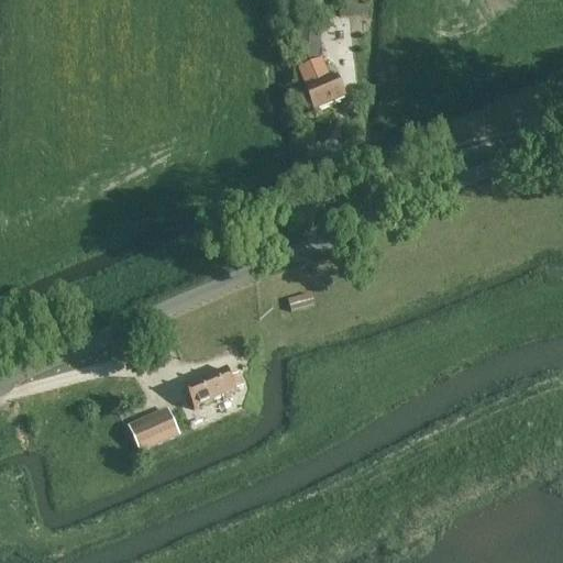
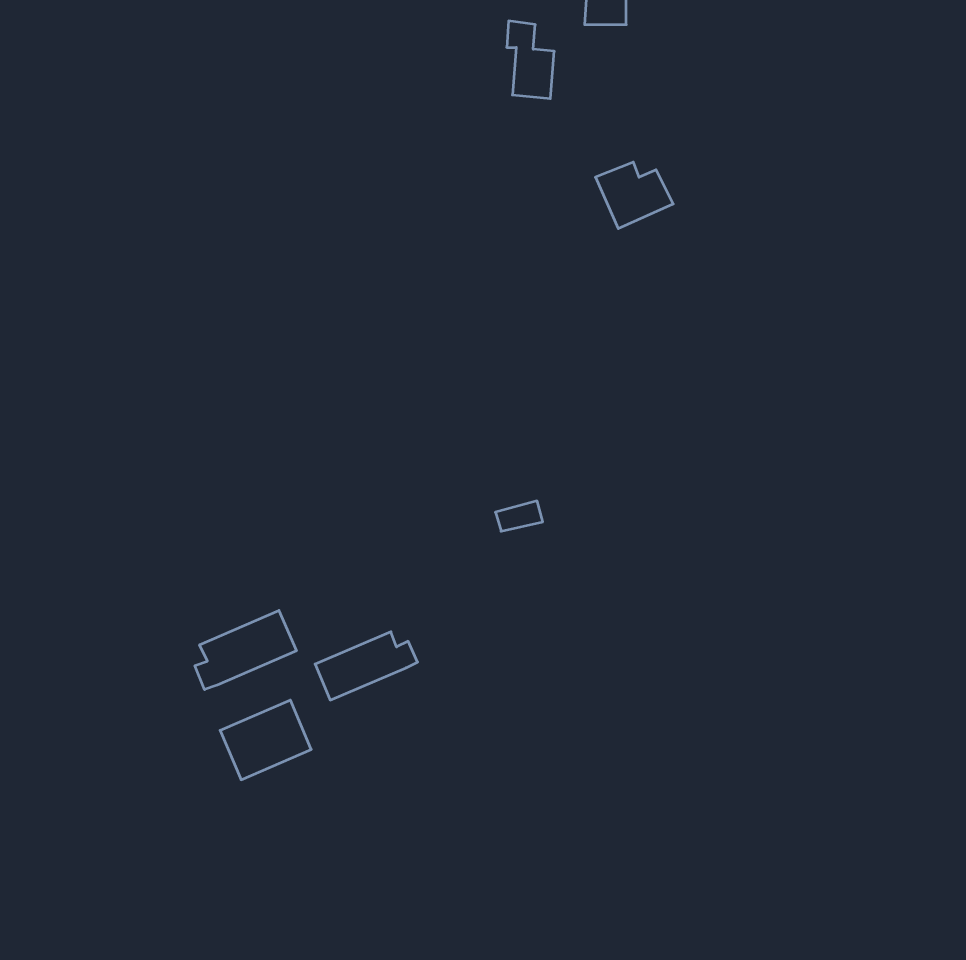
building: [302,70,347,109] -> [595,162,673,229]
building: none -> [195,610,296,690]

